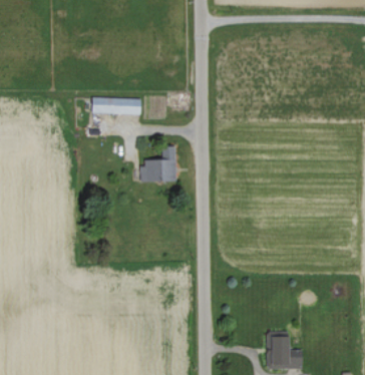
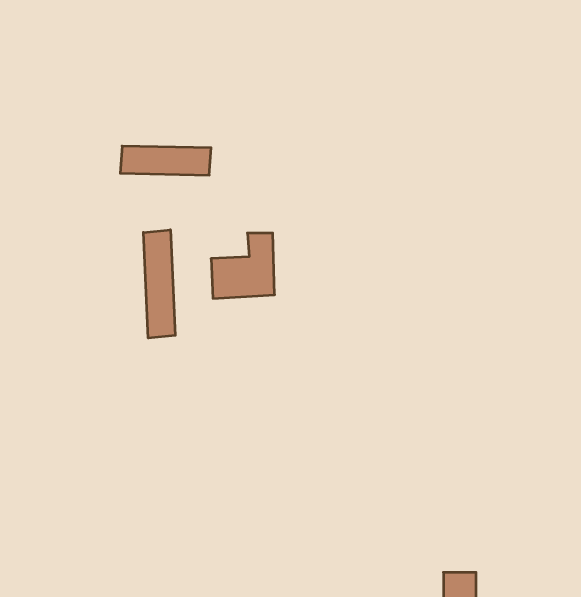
building: none -> [143,230,175,338]

